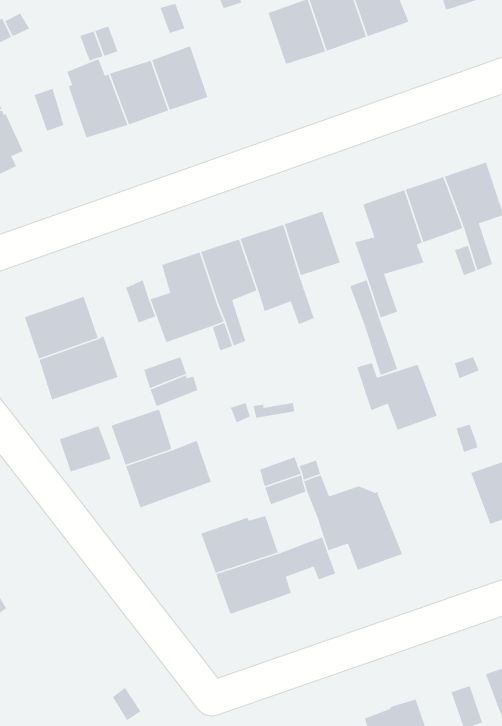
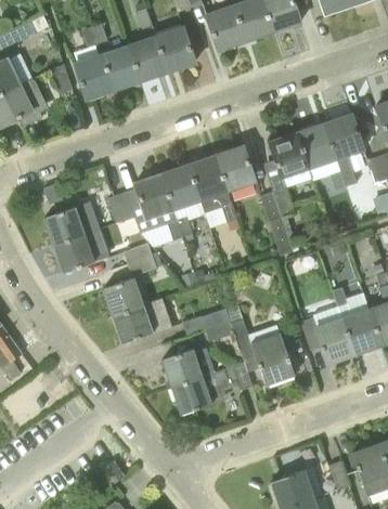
building: none -> [155,28,194,71]
building: [356,362,438,431] -> [299,318,353,364]
building: [59,425,112,473] -> none

